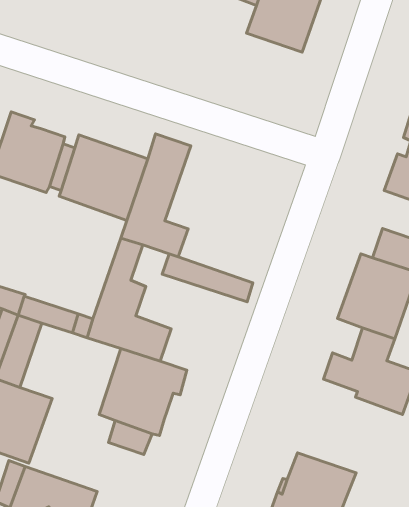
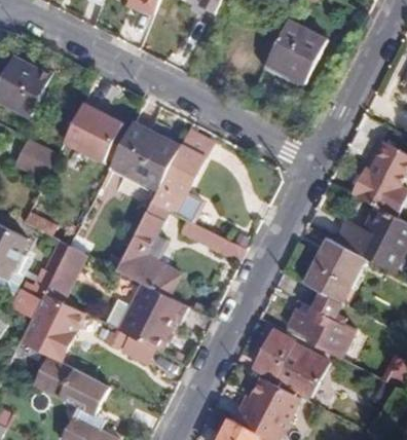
building: none -> [253,330,327,398]

